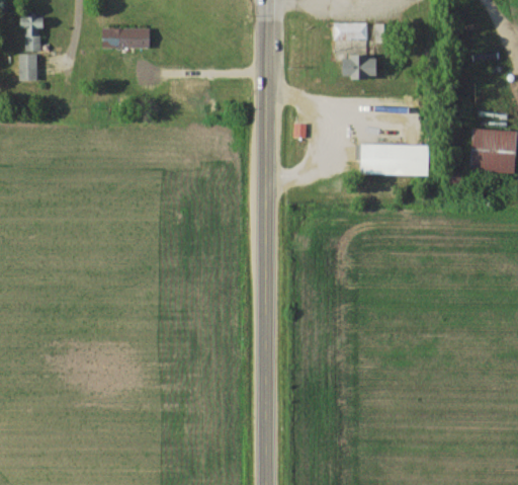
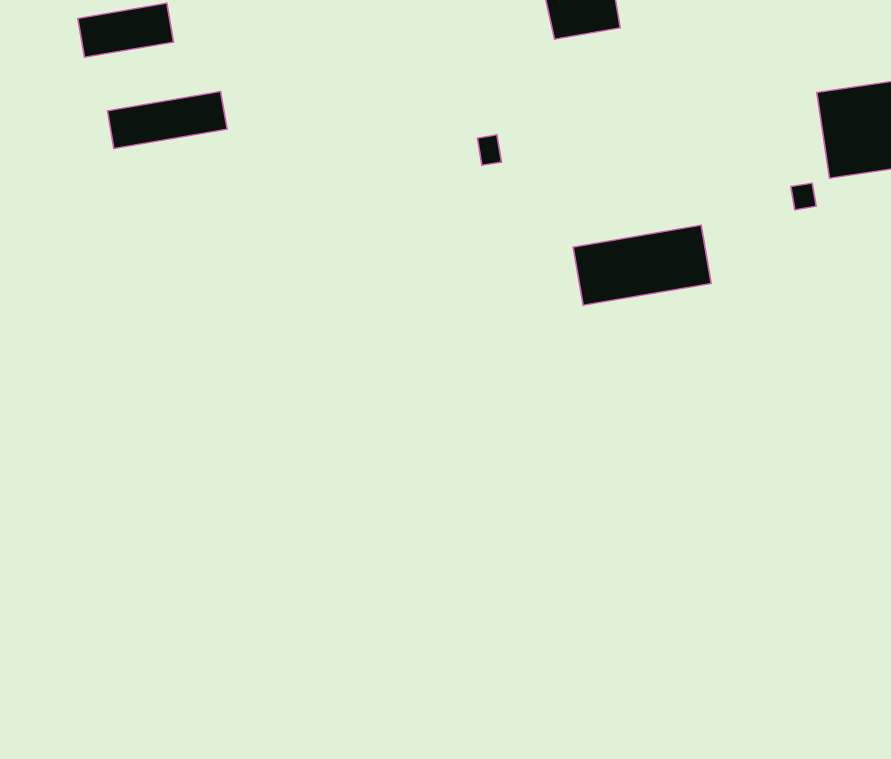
building: none -> [107,91,227,148]
building: [361,144,428,174] -> [573,225,711,305]

